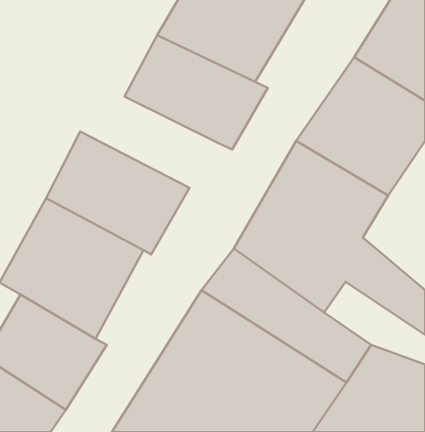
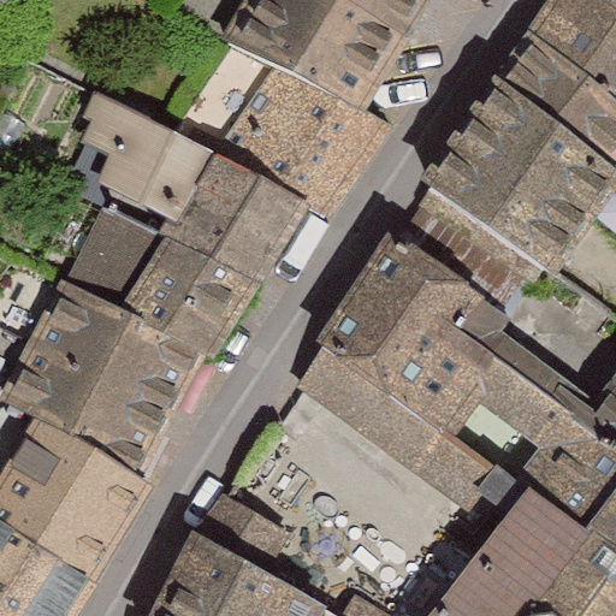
building: none -> [82,95,309,265]

